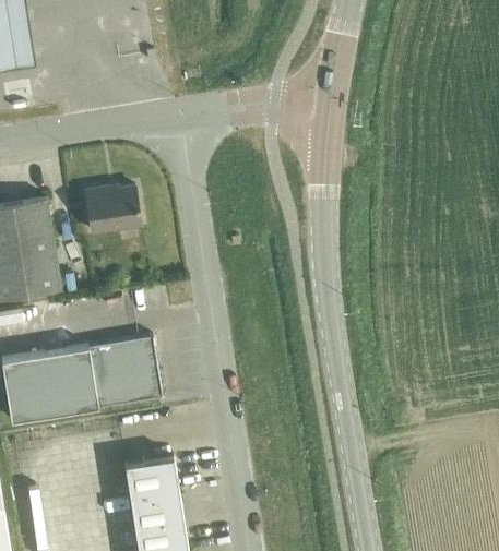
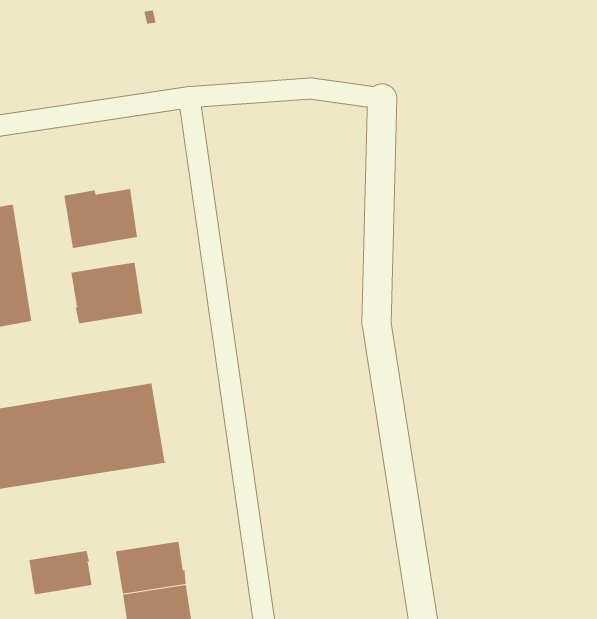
building: none -> [71,262,143,324]
building: none -> [29,550,92,595]

